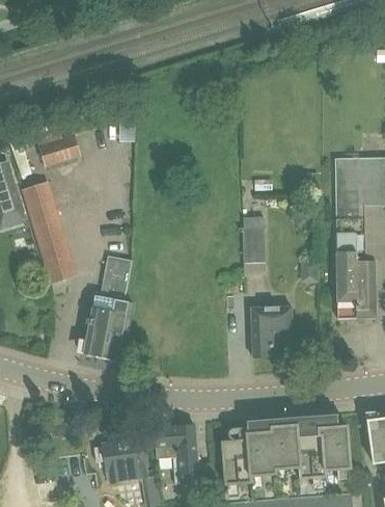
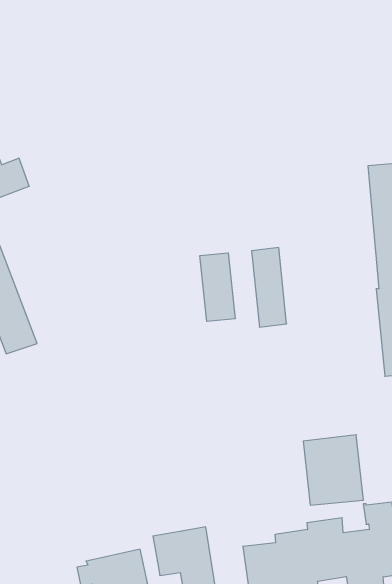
building: none -> [200,253,235,321]
building: [80,255,133,361] -> none
building: [250,305,293,356] -> [303,435,363,505]

